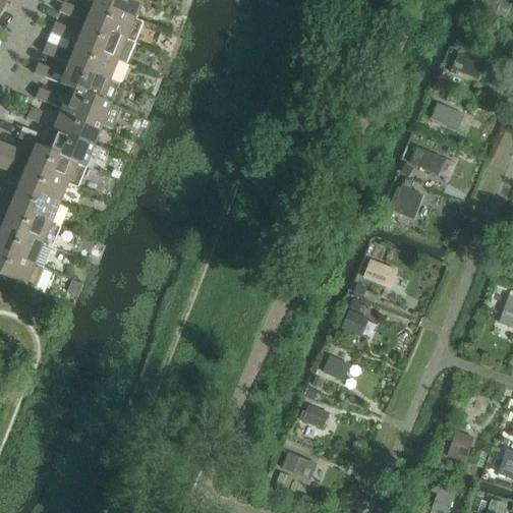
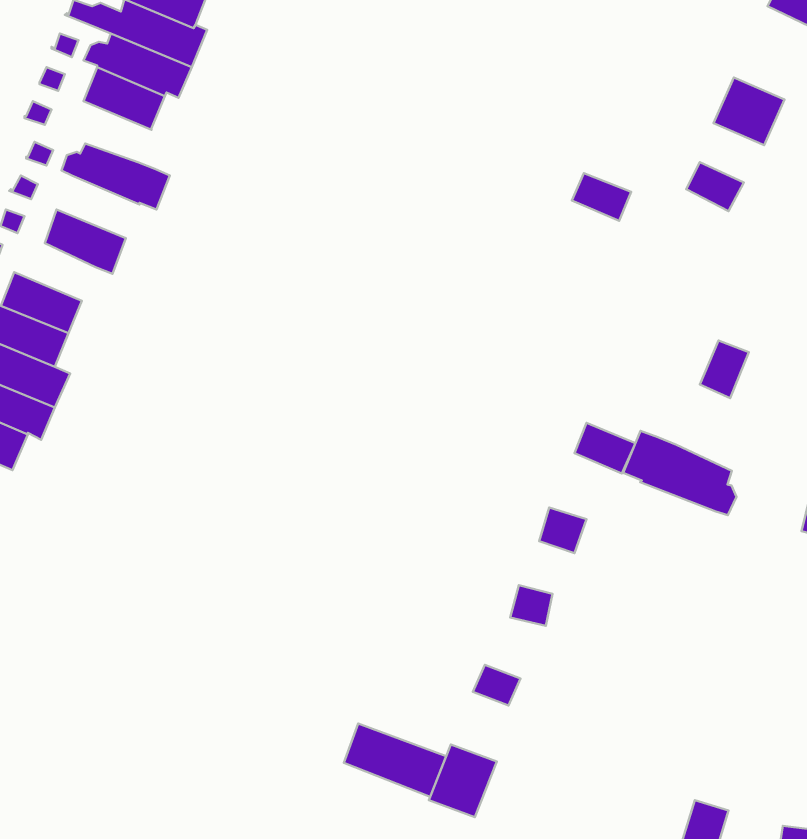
building: [58,64,118,105] -> none
building: [43,109,101,147] -> none
building: [25,146,74,184] -> none
building: [408,146,444,174] -> [572,173,631,221]
building: [394,180,423,215] -> [700,340,749,398]
building: none -> [623,431,737,515]
building: [446,429,475,462] -> none
building: none -> [344,724,446,797]

